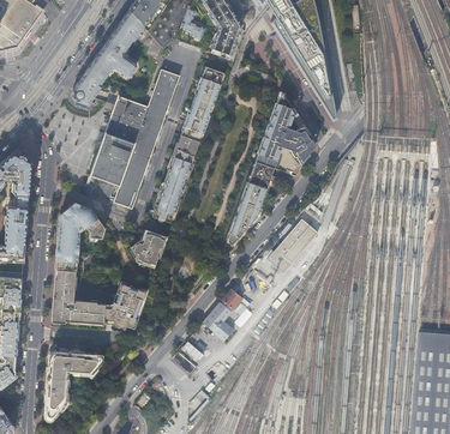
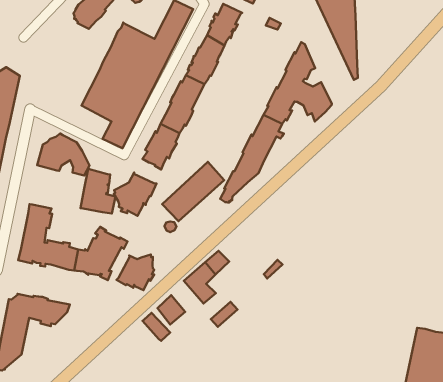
building: [266,217,319,273] -> [162,162,224,221]
building: [55,233,85,270] -> [80,169,115,214]
building: none -> [117,254,154,290]

